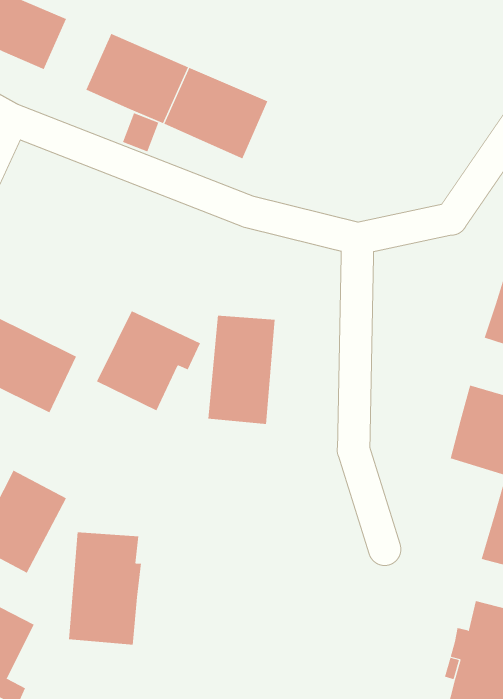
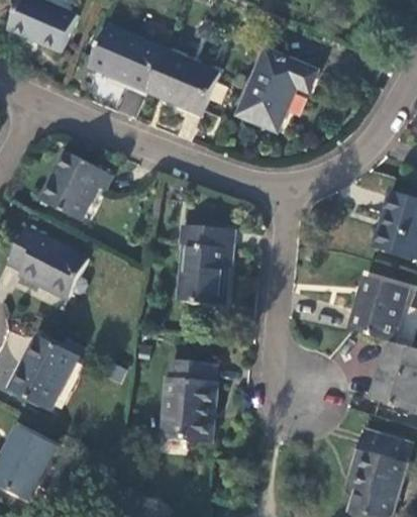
building: none -> [235,51,312,132]
building: [96,311,201,411] -> [37,148,112,220]
building: [68,532,142,645] -> [163,364,215,444]

